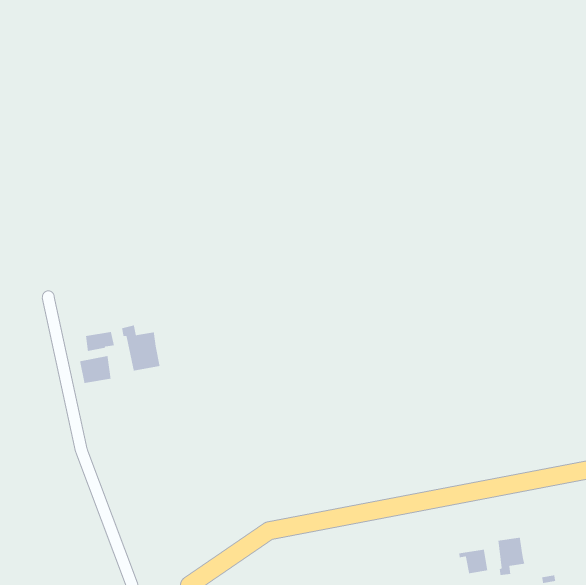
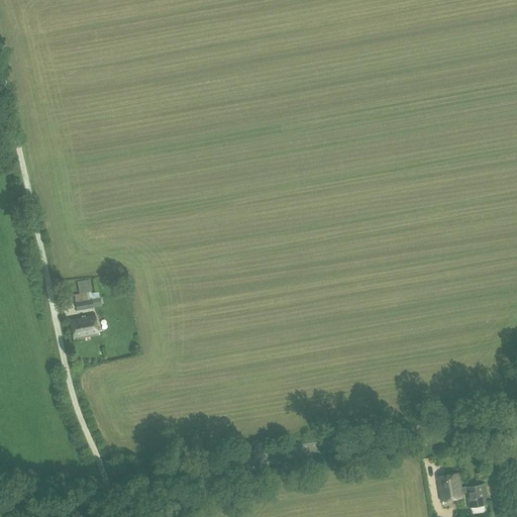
building: [121,324,160,371] -> none
building: [458,549,488,574] -> [459,483,486,505]

